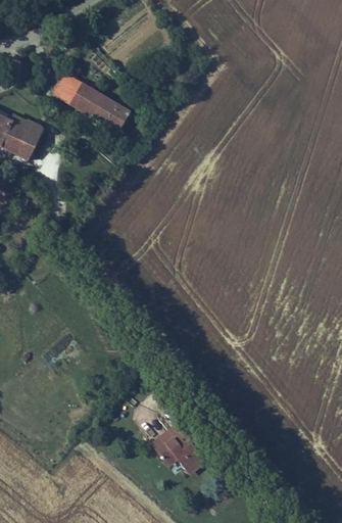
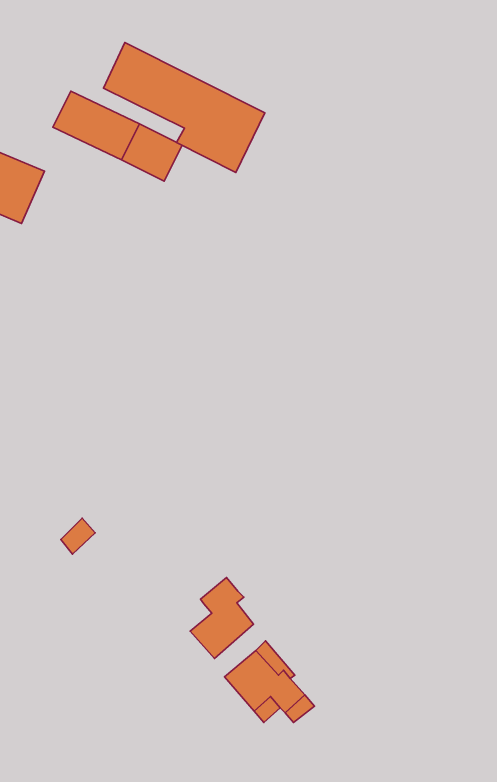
building: none -> [104,43,265,172]
building: none -> [190,577,253,659]

